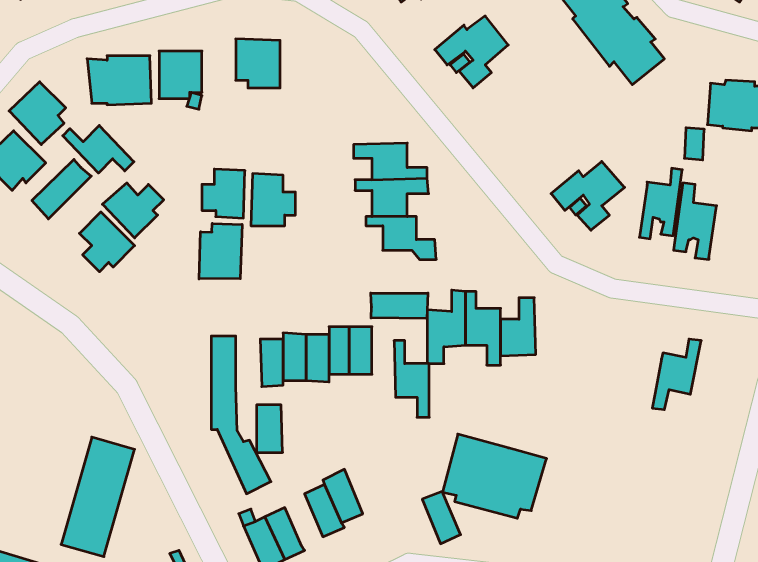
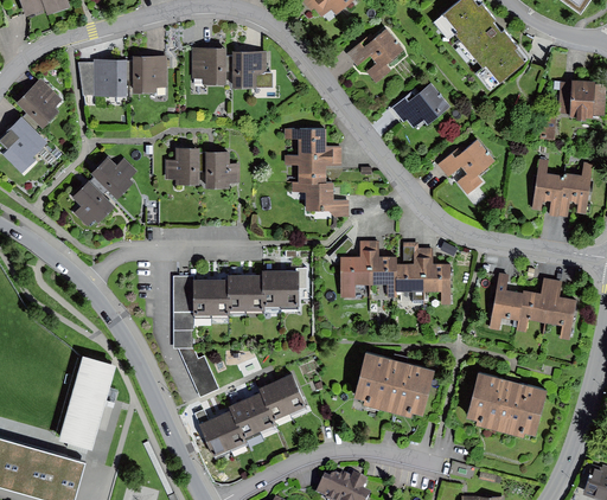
building: none -> [232,51,274,88]
building: none -> [392,83,451,128]
building: [63,125,134,173] -> none
building: [32,159,91,219] -> none
building: [639,168,682,239] -> [560,162,593,217]
building: [199,223,242,279] -> none
building: [371,293,428,319] -> none
building: none -> [490,273,523,331]
building: [394,341,429,417] -> [424,246,452,306]
building: none -> [545,280,577,341]
building: [257,405,283,452] -> [193,278,213,315]
building: none -> [466,371,548,436]
building: [422,492,461,544] -> [277,373,307,414]
building: none -> [230,398,261,438]

